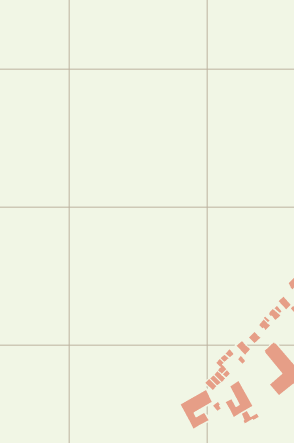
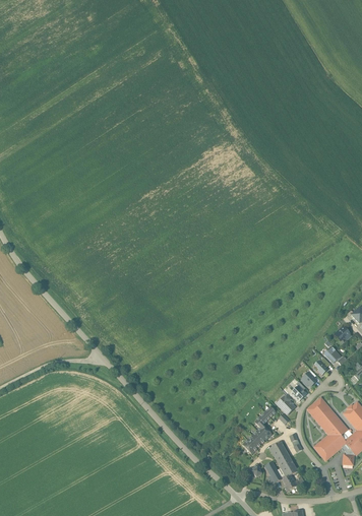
building: [179,389,213,430] -> none

